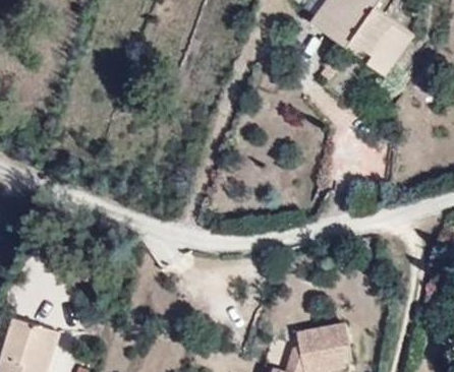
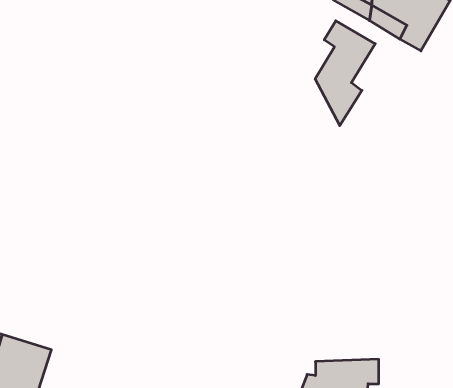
building: none -> [315,21,375,126]

